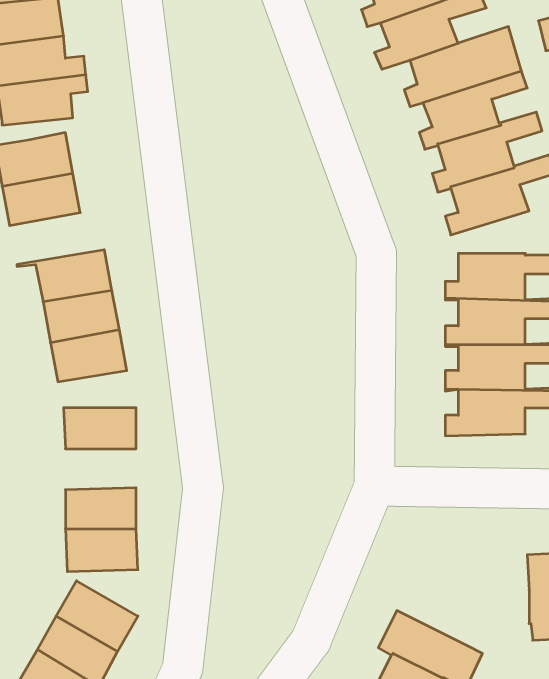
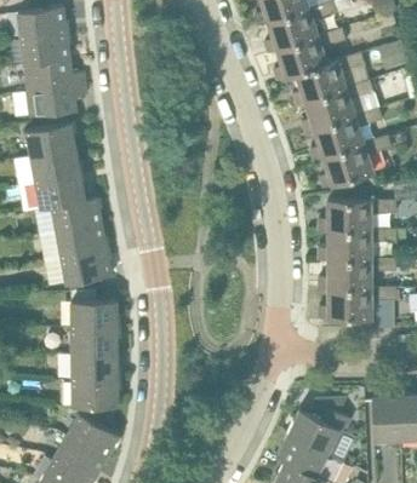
building: none -> [34,174,96,208]
building: none -> [70,328,116,355]
building: none -> [286,407,350,456]

